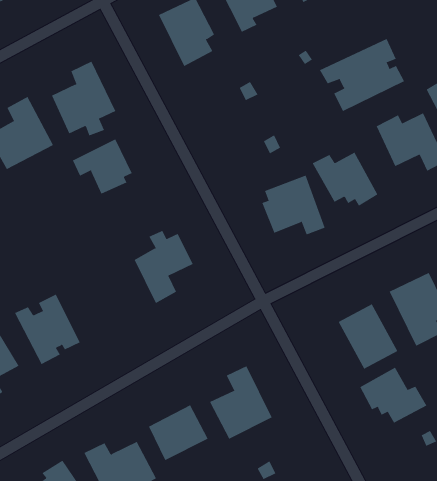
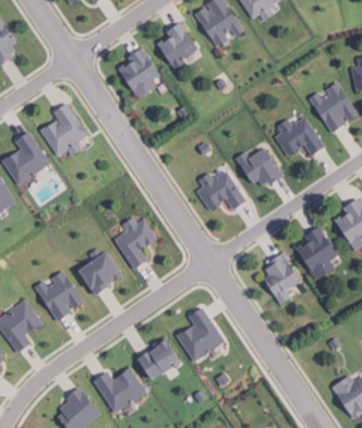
building: [319,38,405,112] -> none
building: [72,138,133,195] -> none
building: none -> [76,248,121,295]
building: [359,367,427,424] -> none

